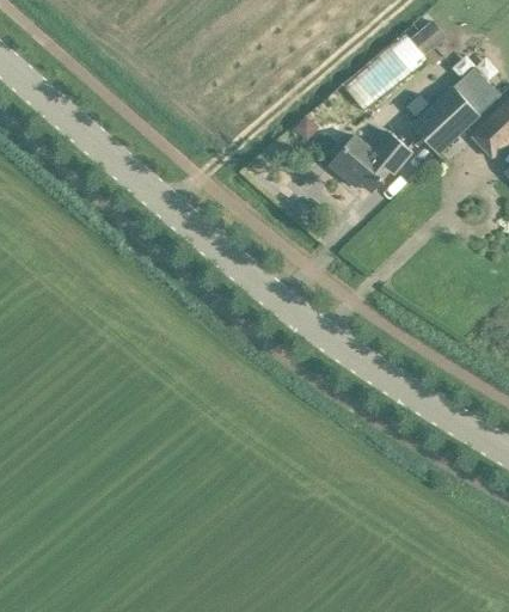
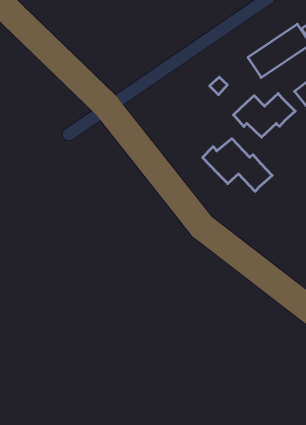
building: none -> [203,139,272,191]

